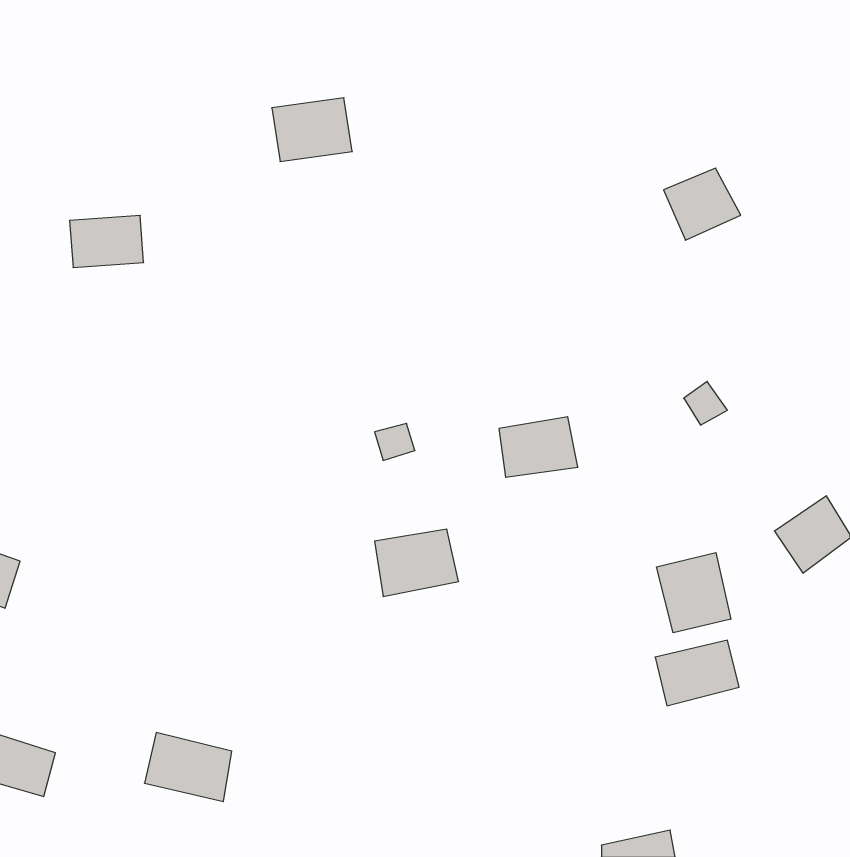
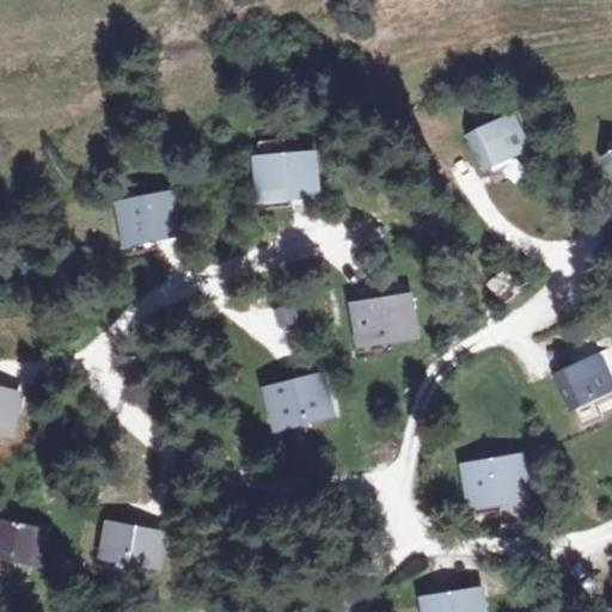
building: [272,98,352,162] -> [257,152,314,197]
building: [70,215,144,268] -> [123,203,176,240]
building: [657,553,731,633] -> none

